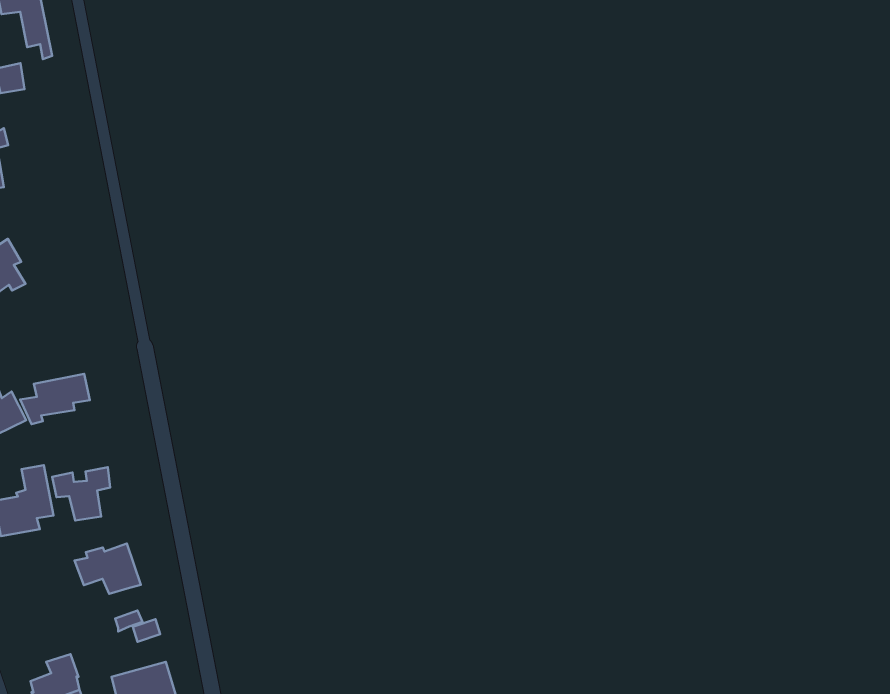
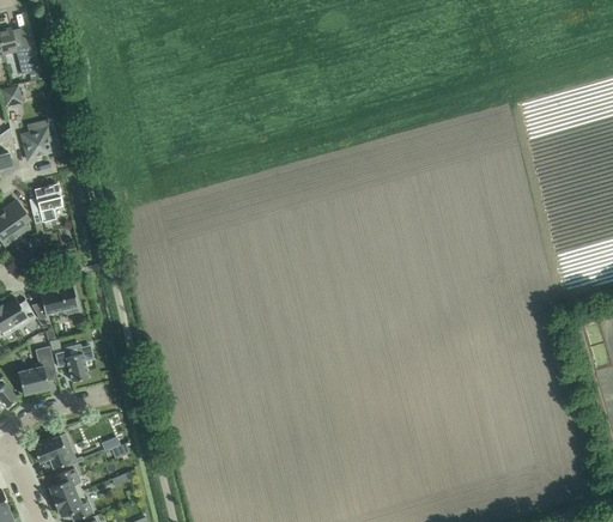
building: none -> [22,127,50,159]
building: none -> [29,183,63,223]
building: [74,544,141,594] -> [32,433,77,467]

